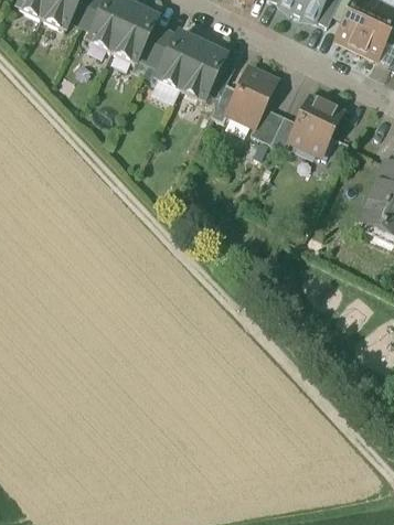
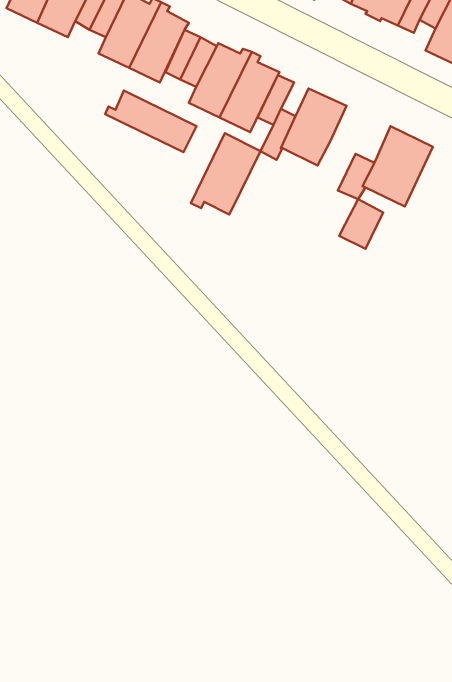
building: none -> [105,91,196,152]
building: none -> [191,133,260,215]
building: [249,107,283,144] -> [339,199,383,249]

